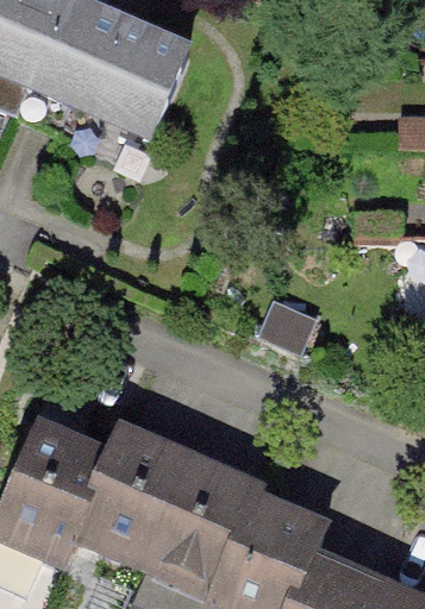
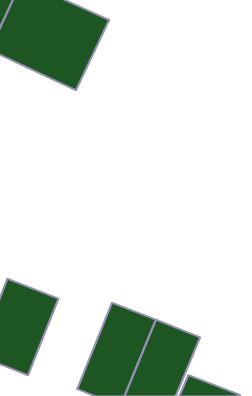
building: [80,434,196,588] -> none

